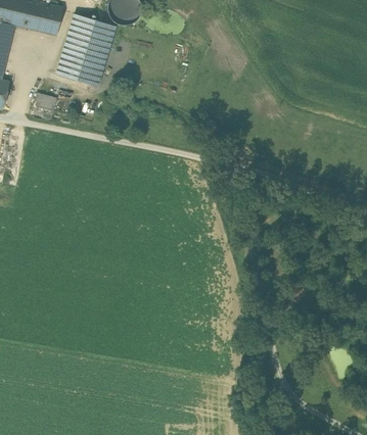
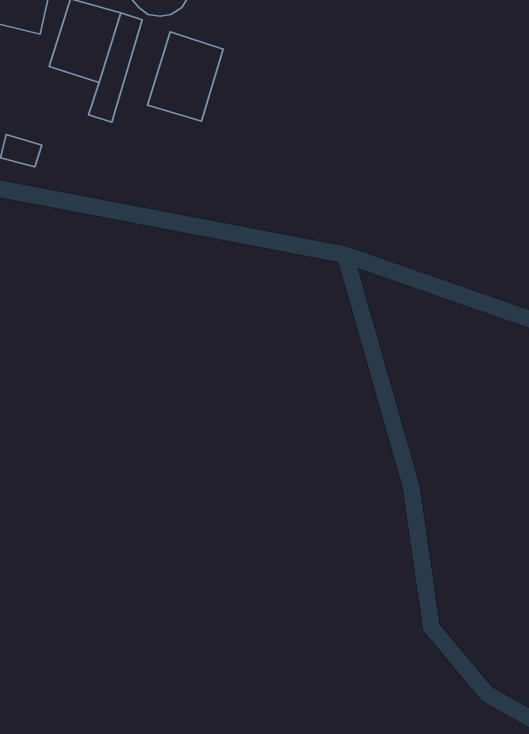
building: none -> [148,32,223,121]
building: [56,53,90,81] -> none

